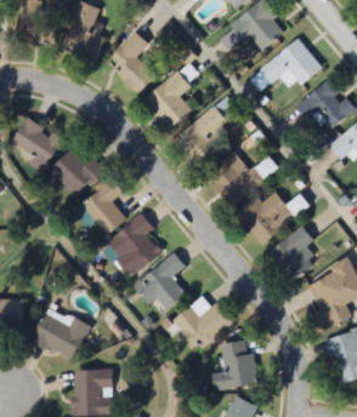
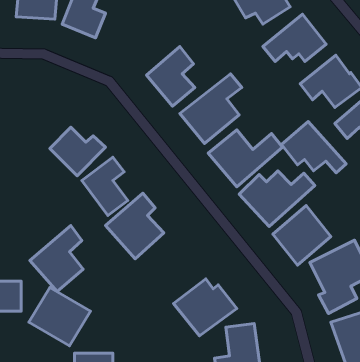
building: [110,33,157,95] -> none
building: [11,118,63,166] -> none
building: none -> [281,121,346,173]
building: [134,252,186,316] -> [30,226,83,291]

